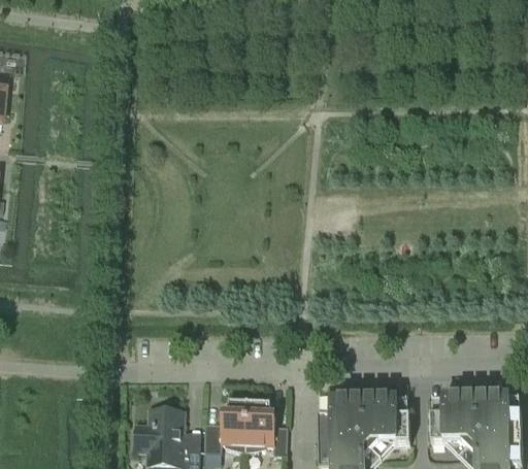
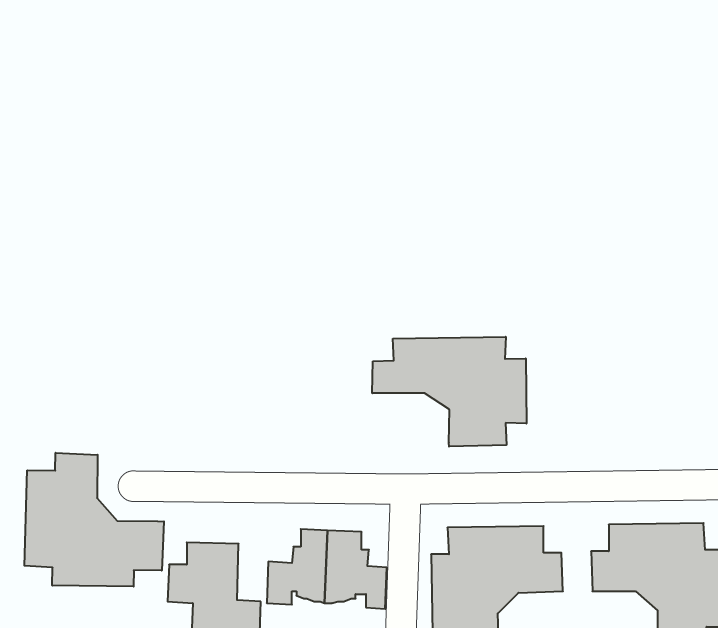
building: none -> [372,337,526,447]
building: none -> [24,453,164,587]

